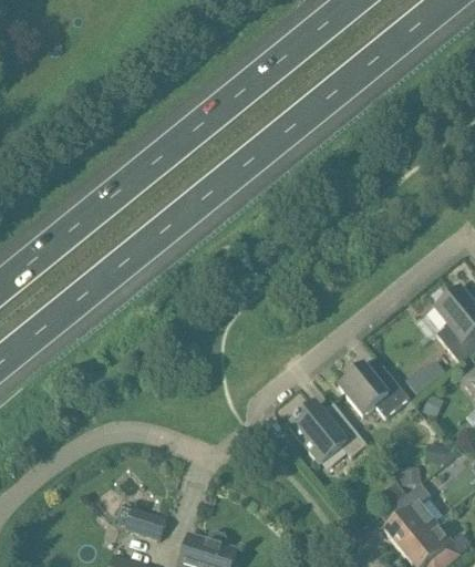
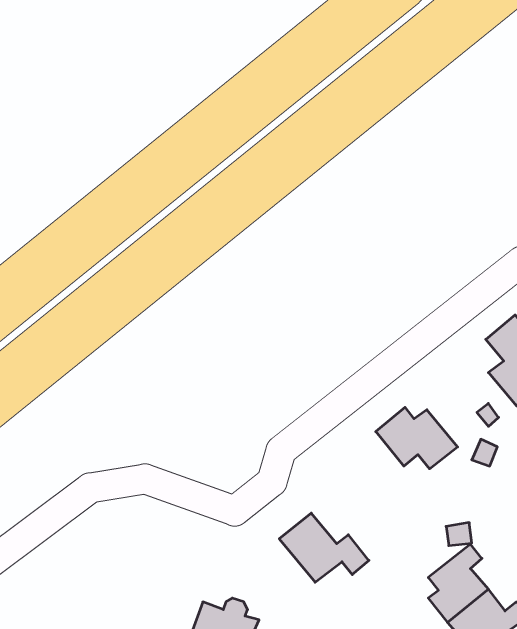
building: [288,403,365,463] -> [279,513,369,582]
building: [124,507,166,539] -> none

